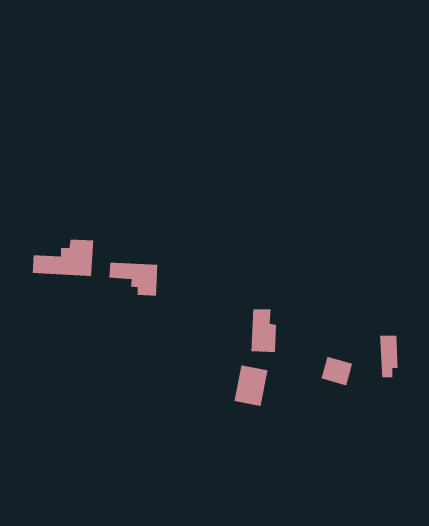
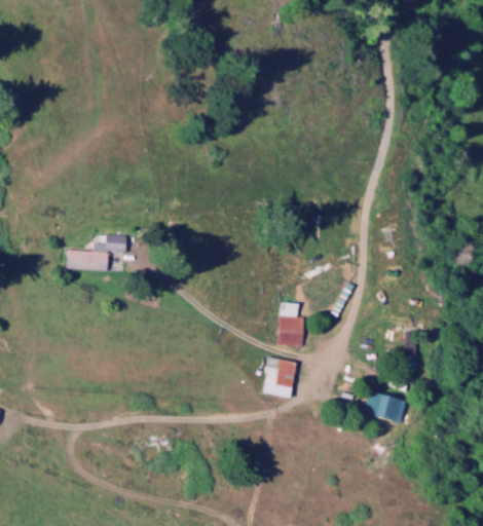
building: [109,262,158,297] -> none
building: [320,356,353,386] -> [373,393,405,423]

